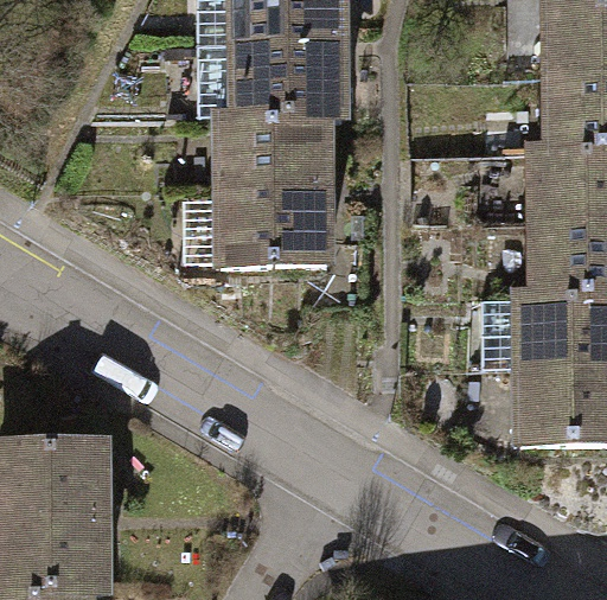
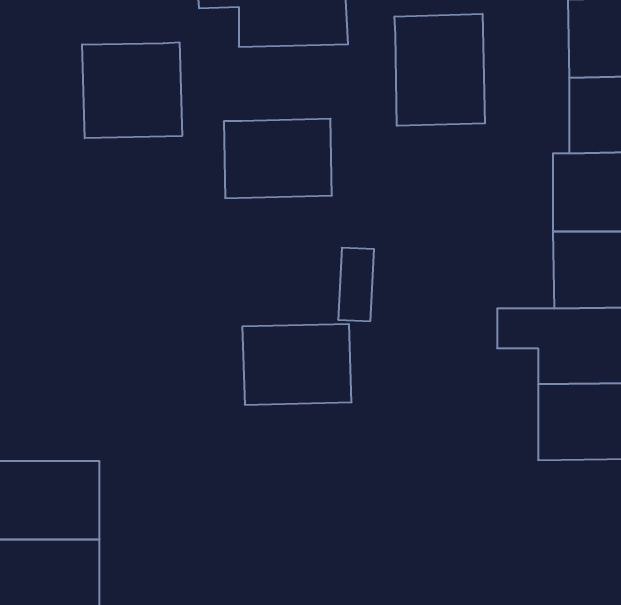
building: none -> [395,14,485,126]
building: none -> [82,42,182,138]
building: [194,46,338,120] -> none
building: [219,191,324,268] -> [242,324,352,405]

